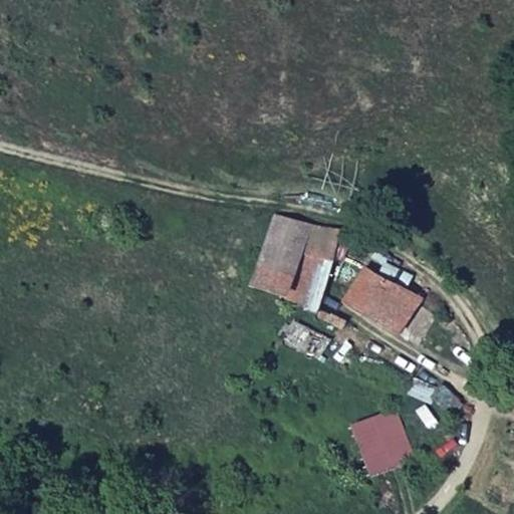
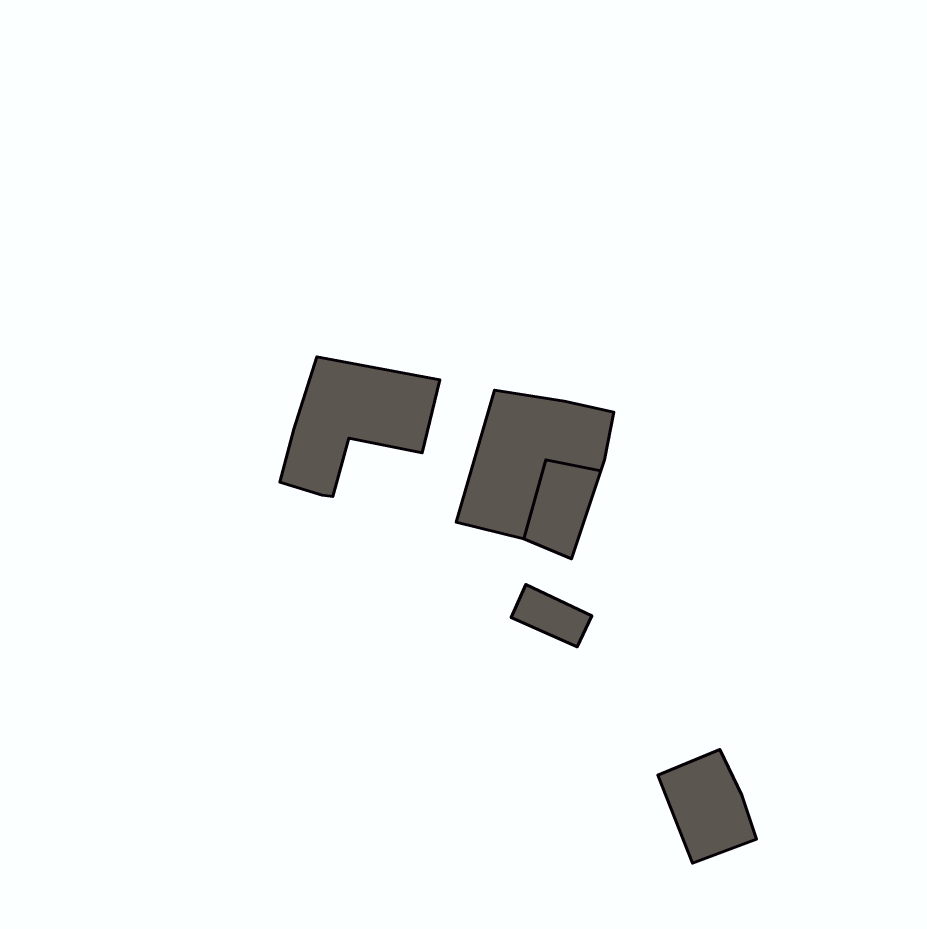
building: none -> [280,357,440,497]
building: [342,268,418,333] -> none

